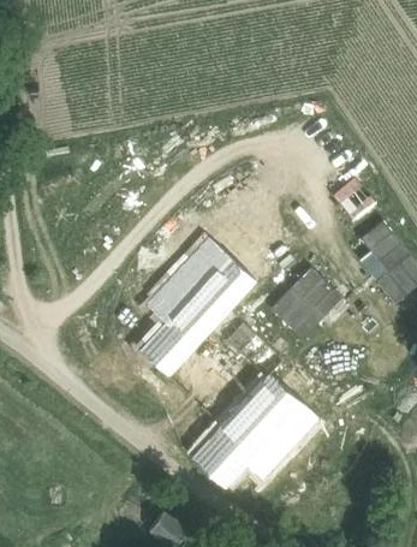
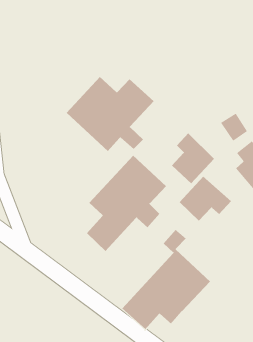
building: none -> [66,76,154,152]
building: none -> [171,133,215,184]

